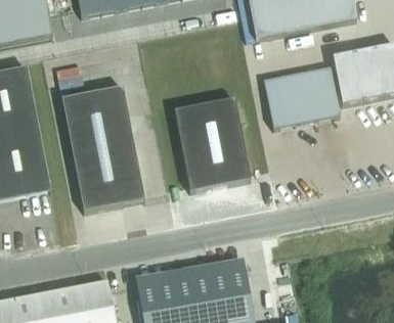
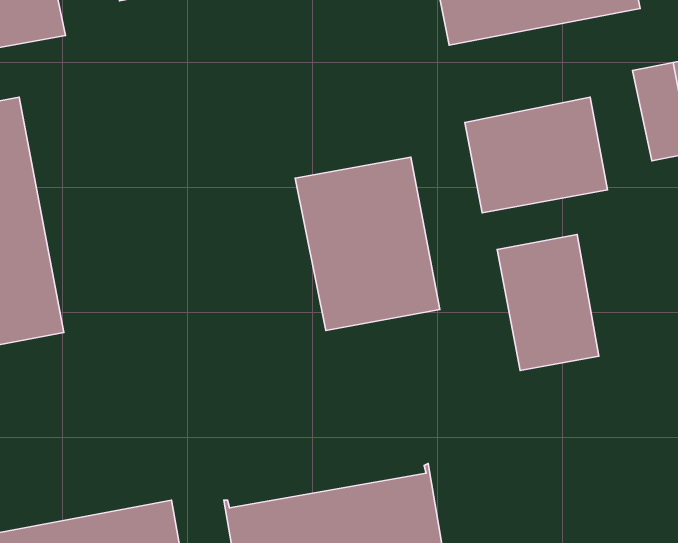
building: [332,52,362,104] -> none
building: [65,83,148,207] -> none
building: none -> [497,234,599,370]

